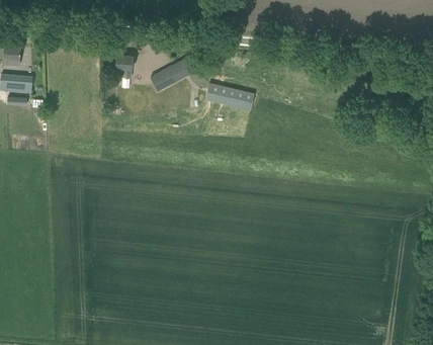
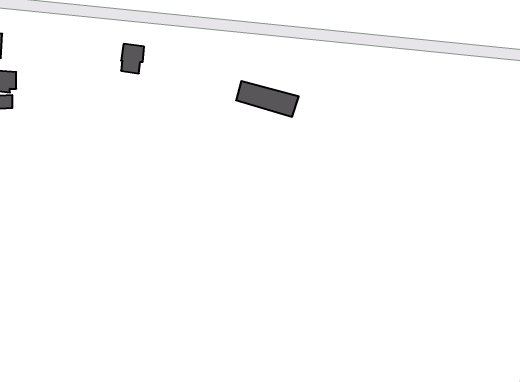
building: [151,61,191,93] -> none

